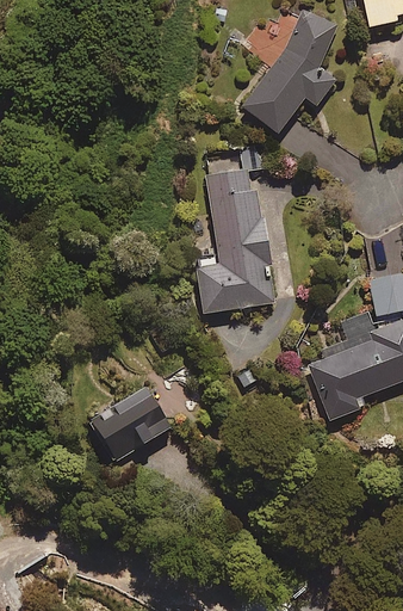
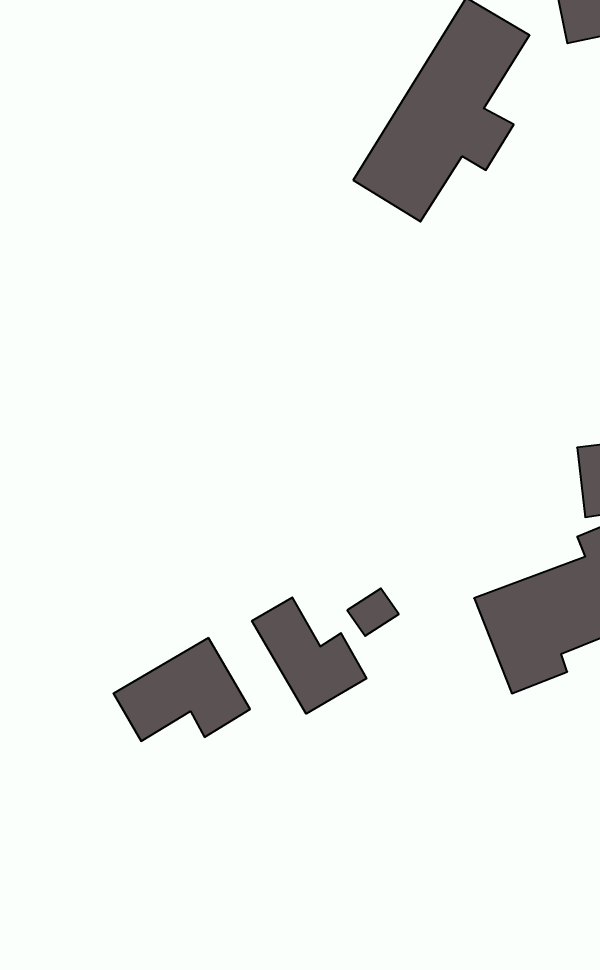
building: [198,168,273,314] -> none
building: none -> [252,597,366,714]

